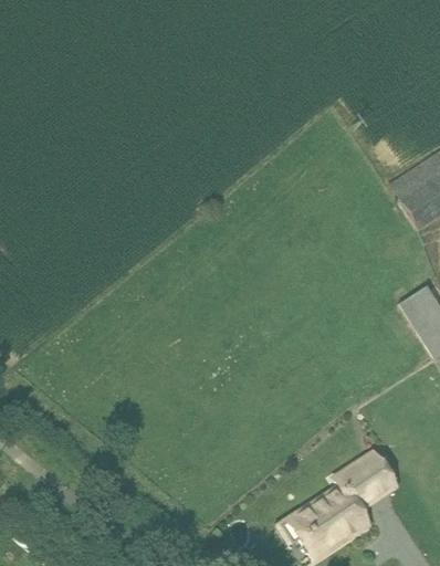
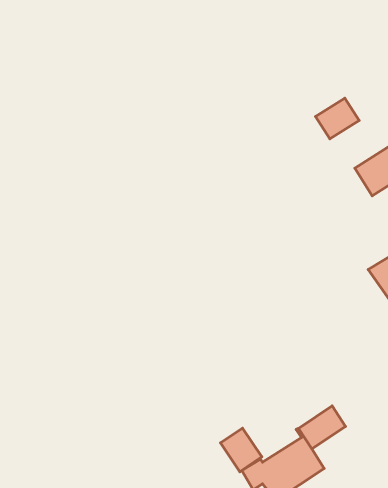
building: none -> [316,98,359,139]
building: none -> [221,428,262,472]

